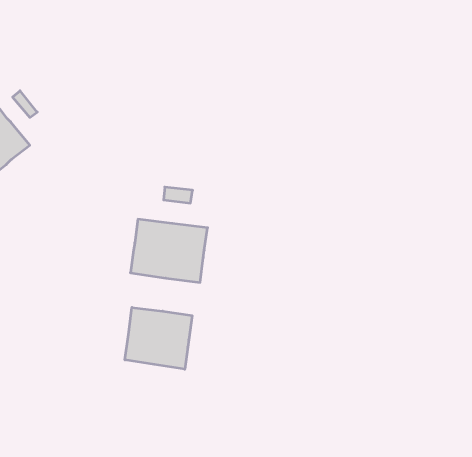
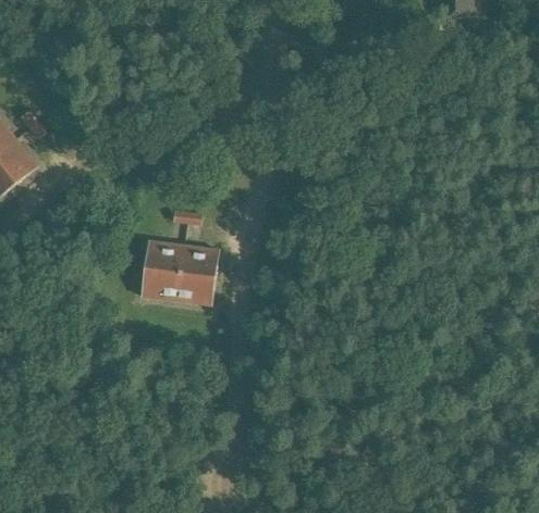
building: [125,307,192,369] -> none

